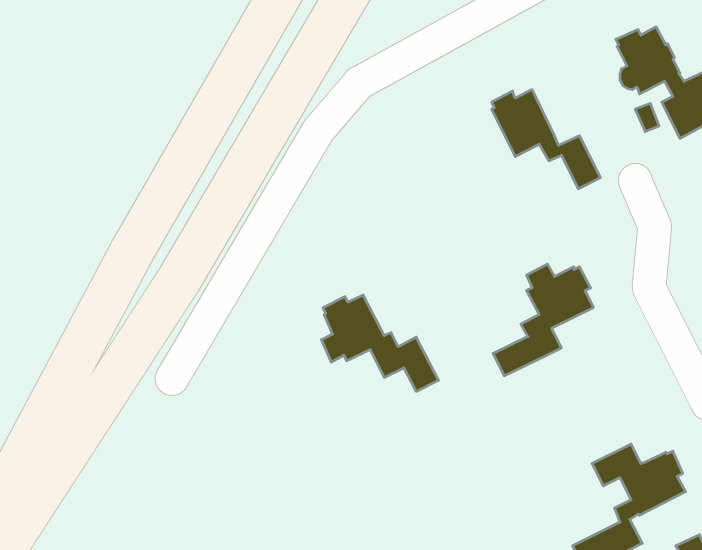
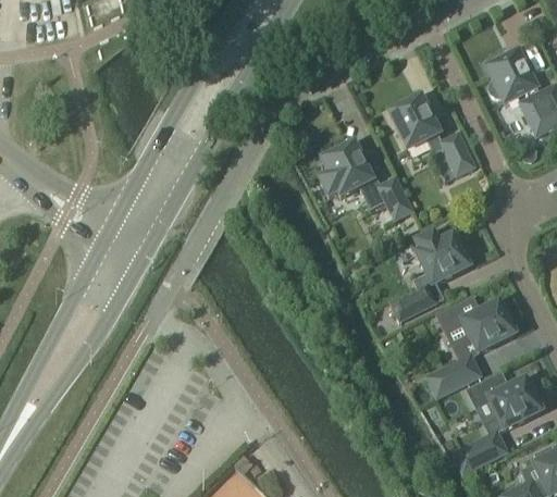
building: [321,295,439,391] -> [321,145,412,220]
building: none -> [426,297,515,398]

